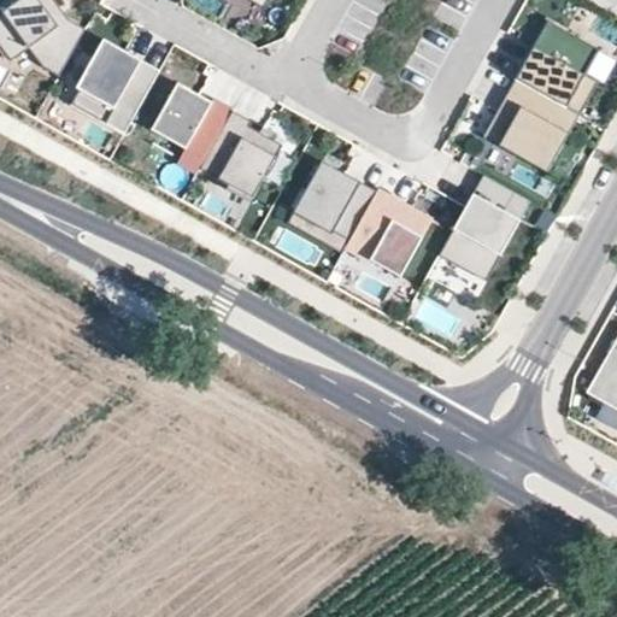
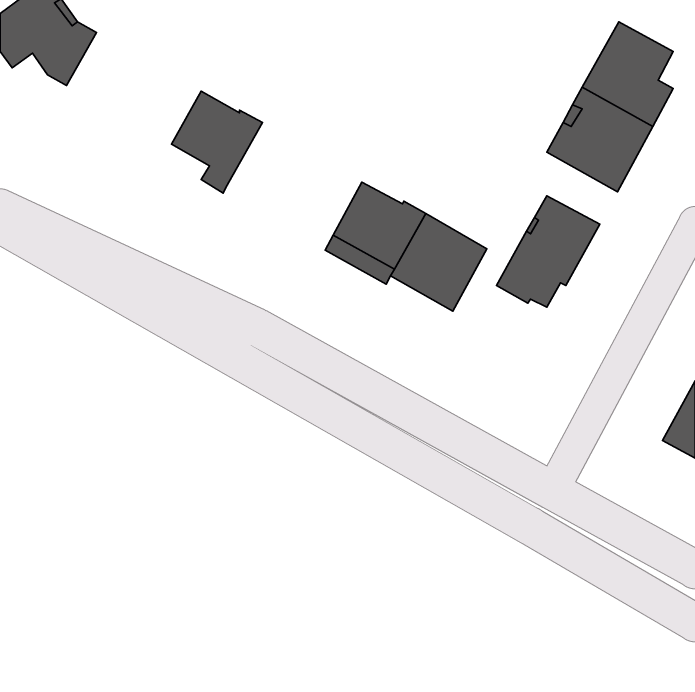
building: [75,43,159,127] -> none
building: [200,108,283,196] -> none

